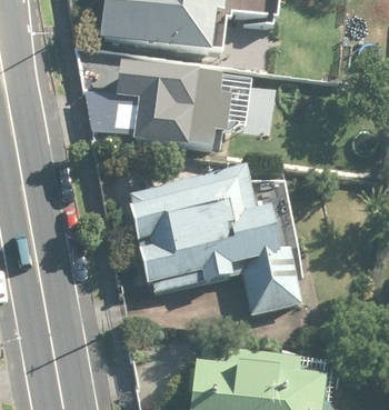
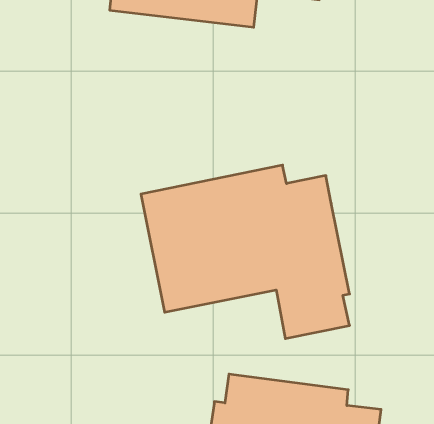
building: [86,62,252,151] -> none

